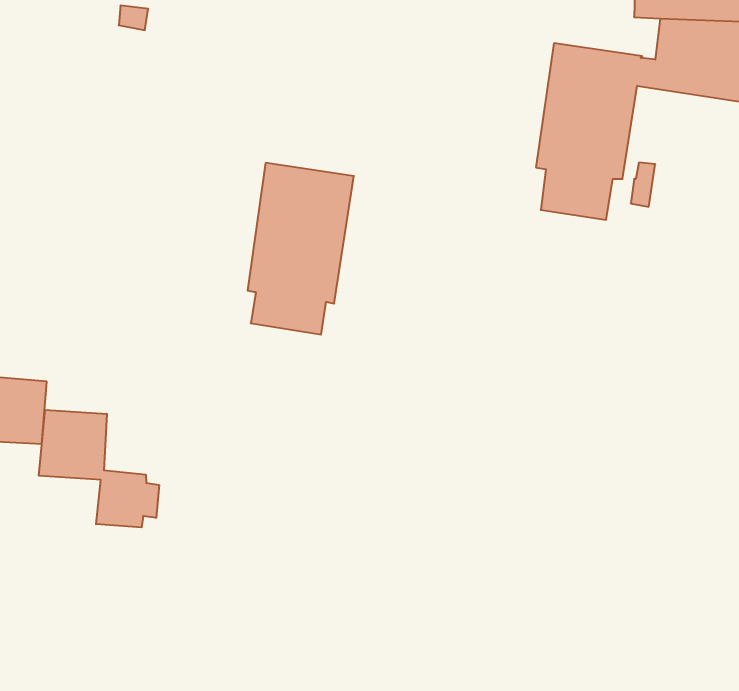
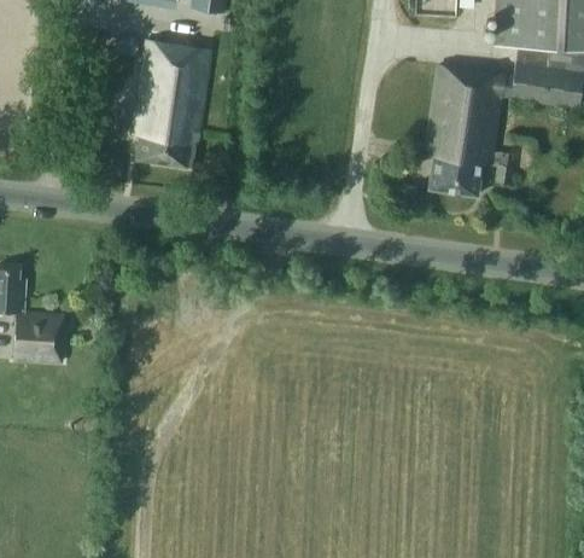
building: [248,163,354,335] -> [133,40,211,167]
building: [39,410,159,527] -> none

